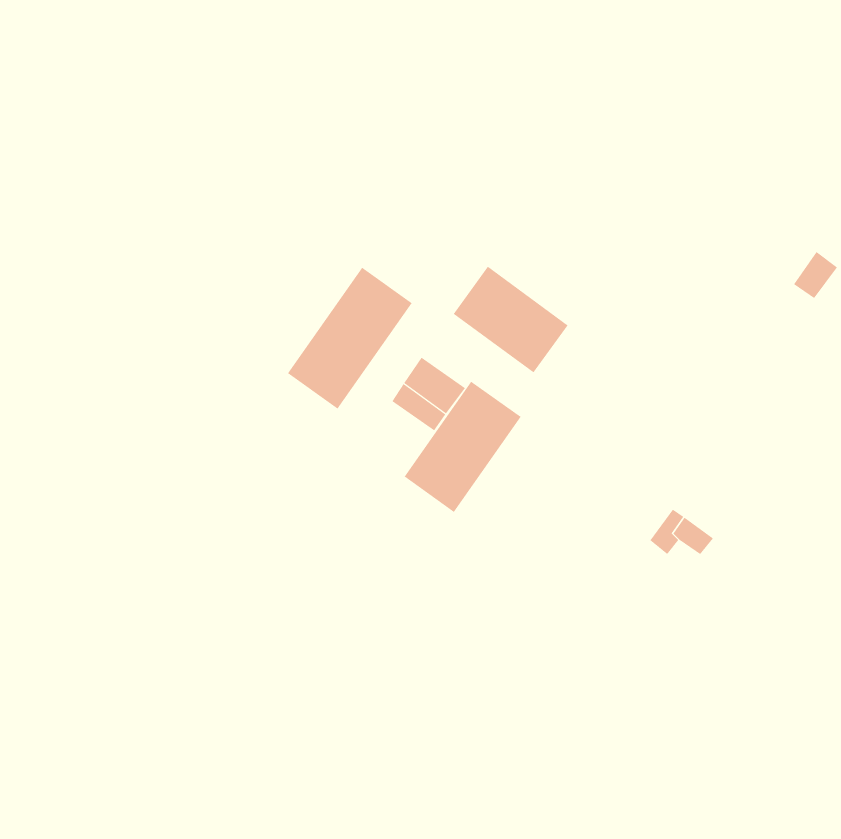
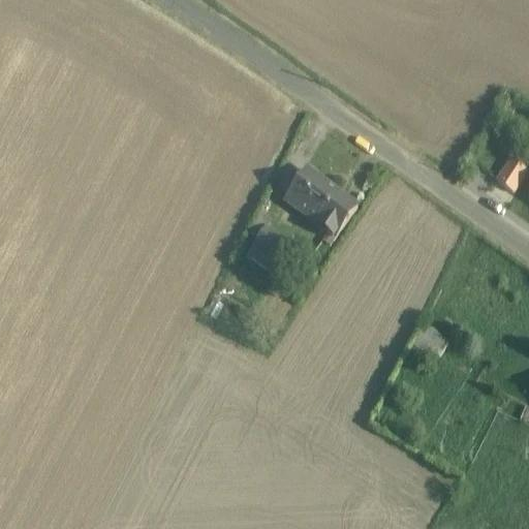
building: [287,267,412,410] -> none
building: [404,381,521,513] -> none

